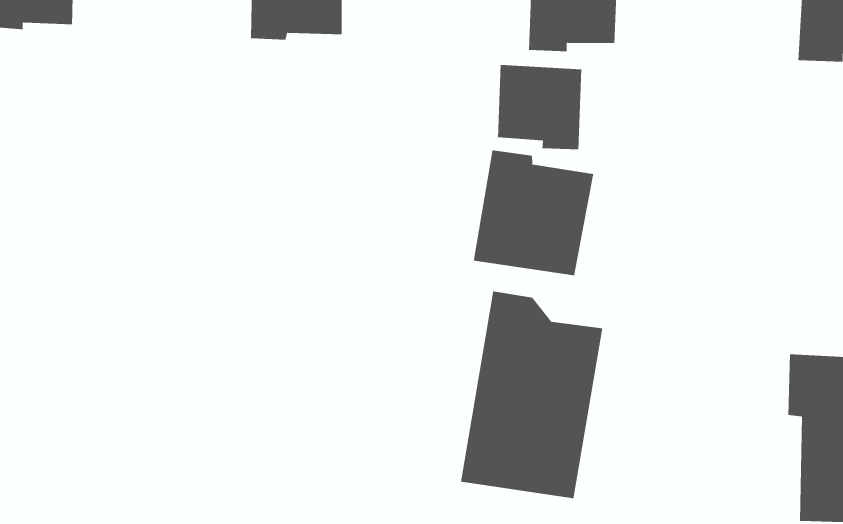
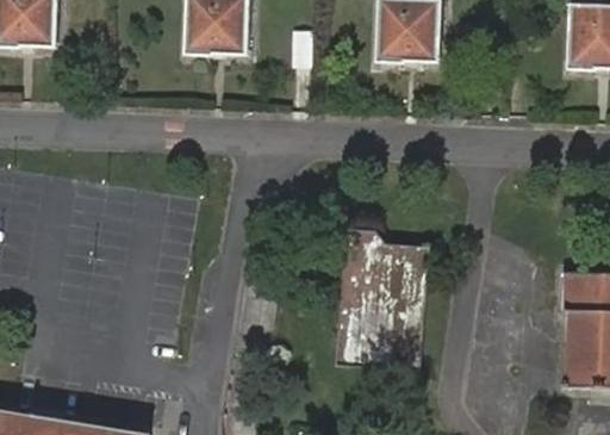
building: [498,64,582,150] -> none
building: [473,150,594,276] -> none

